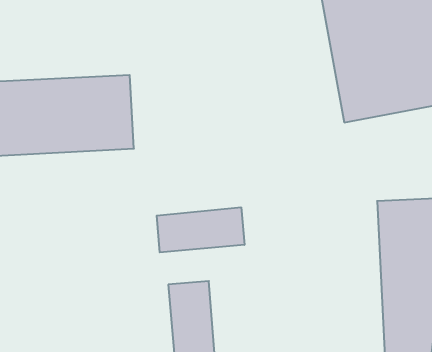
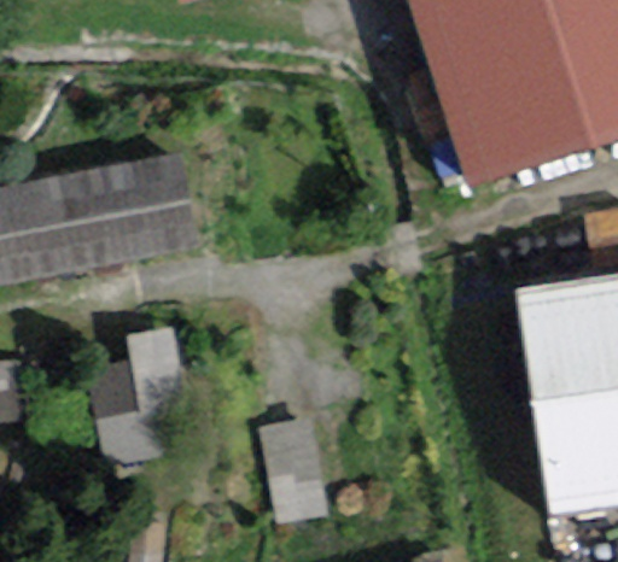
building: none -> [99,326,191,457]
building: [157,207,244,252] -> none

